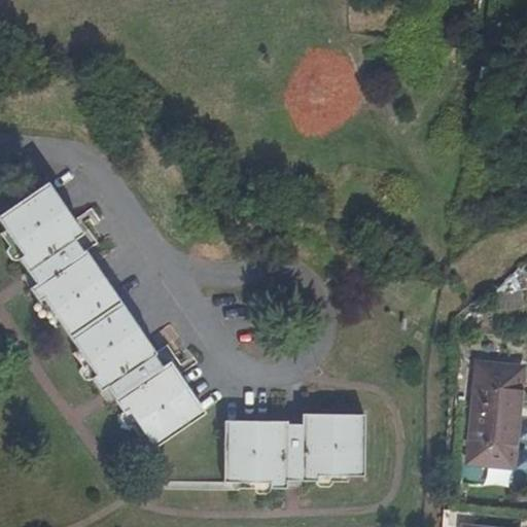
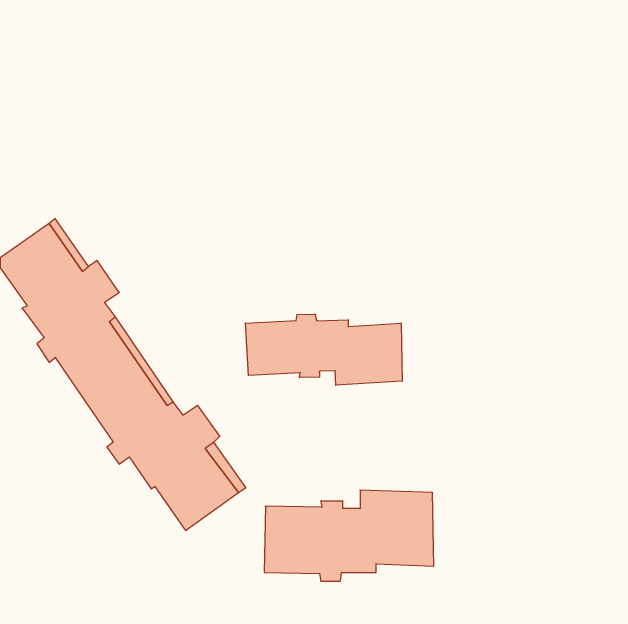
building: none -> [245,314,402,385]
building: [467,362,521,465] -> none

